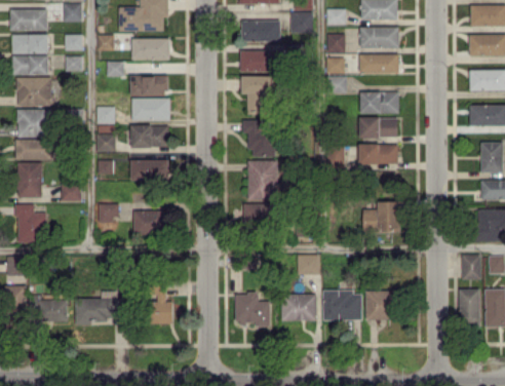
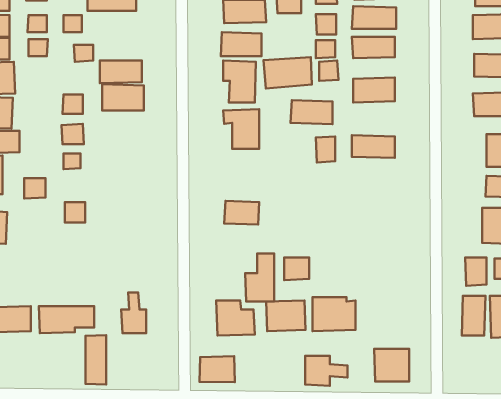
building: [131,38,169,60] -> none
building: none -> [263,57,312,88]
building: [358,117,396,139] -> [291,100,332,124]
building: [130,125,168,148] -> none
building: [130,160,168,181] -> none
building: [246,160,277,200] -> none
building: [362,201,400,232] -> none
building: [133,210,167,234] -> none
building: none -> [245,253,274,301]
building: [364,291,396,320] -> [374,349,409,382]
building: none -> [86,335,106,384]
building: none -> [305,356,348,386]
building: none -> [199,356,235,382]

